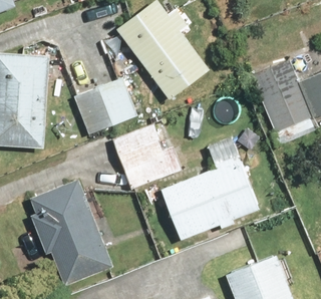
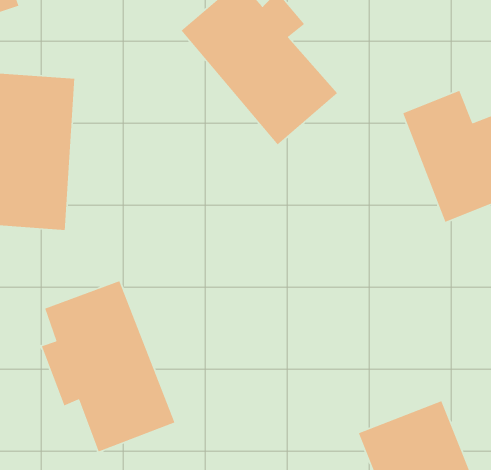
building: [72,80,133,133] -> none
building: [113,126,184,188] -> none
building: [160,157,264,240] -> none

